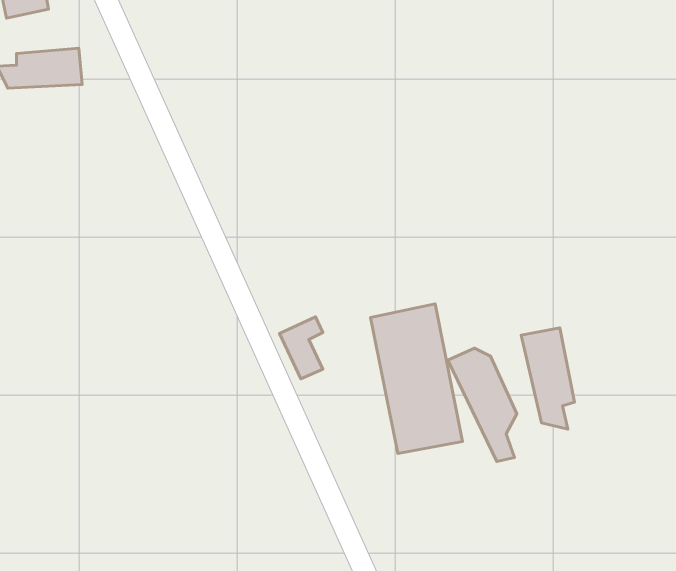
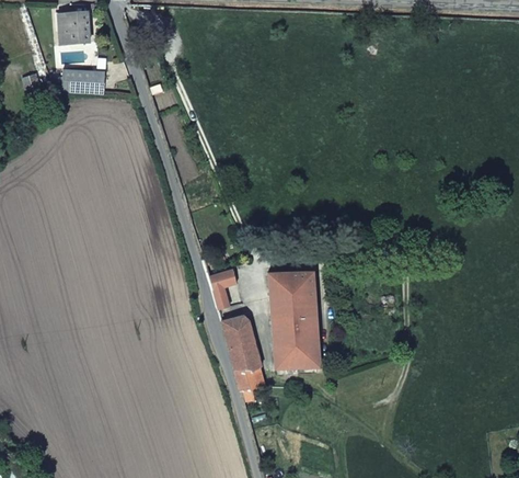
building: [521,328,575,429] -> none
building: [448,348,517,462] -> [220,314,261,390]

